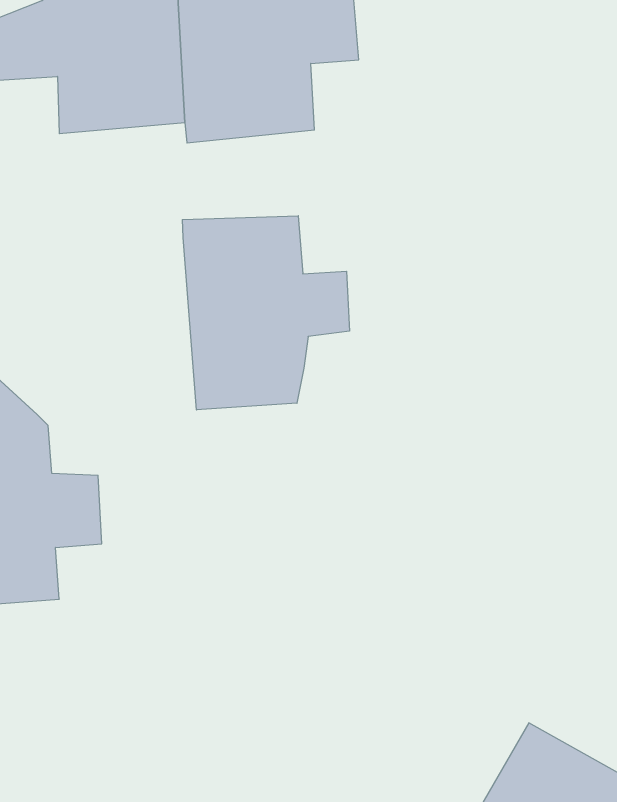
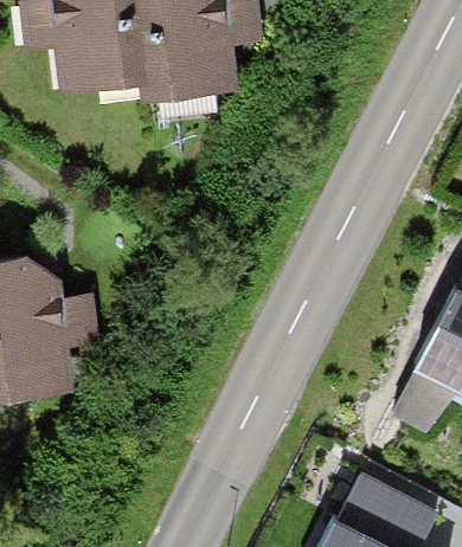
building: [182,216,349,410] -> none

